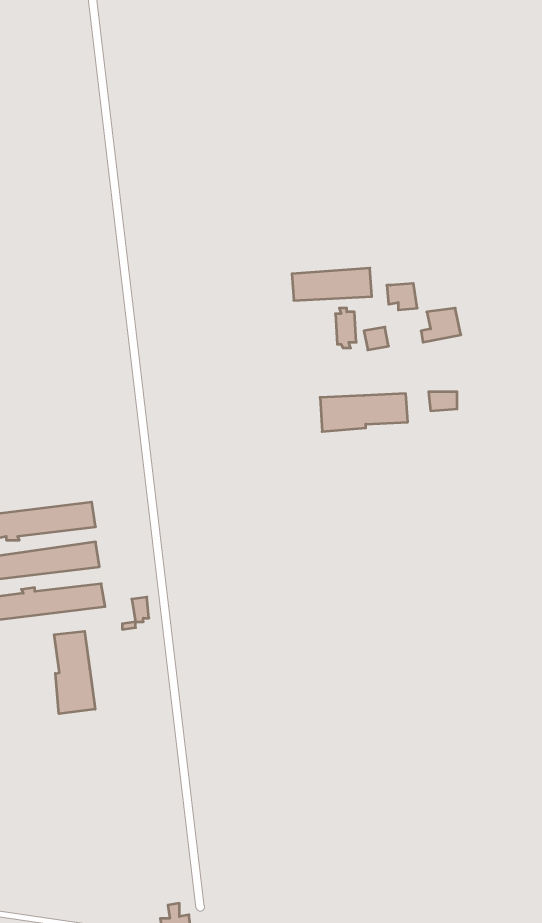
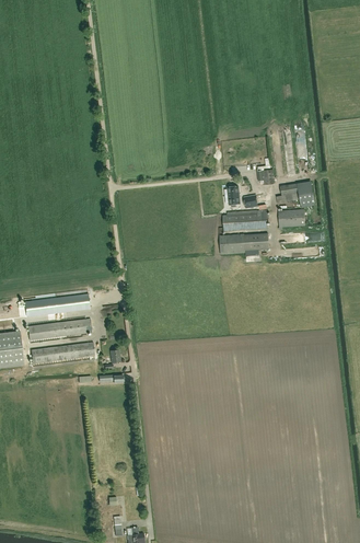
building: [292,268,372,300] -> [222,211,268,230]
building: none -> [278,208,305,227]
building: [54,631,95,714] -> none

